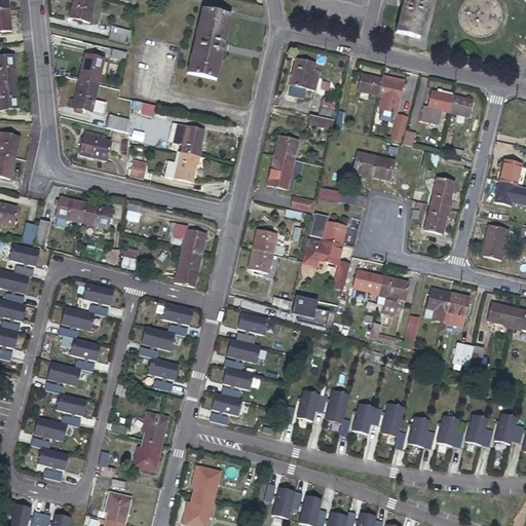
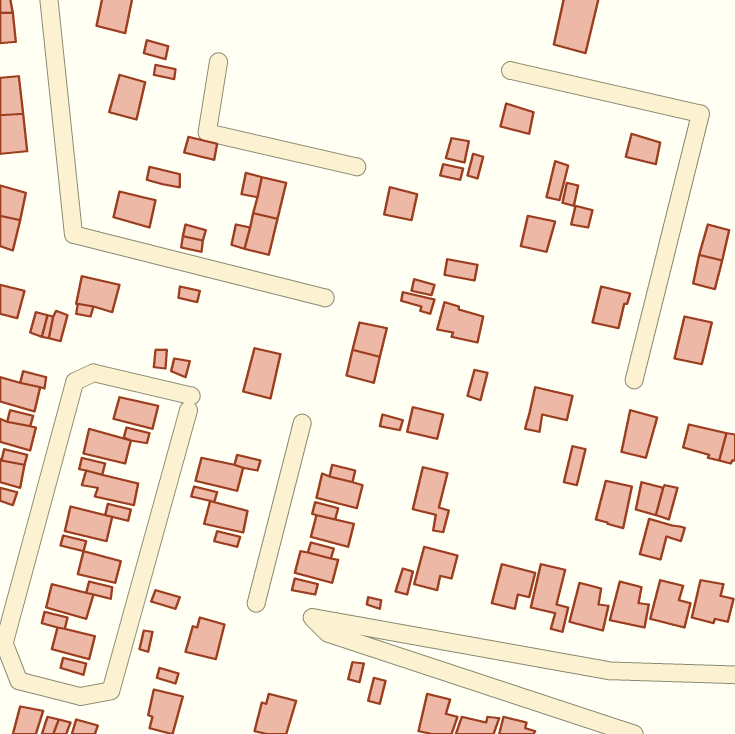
building: [187,8,230,79] -> none
building: [290,59,316,89] -> none
building: [72,80,98,112] -> none
building: [378,80,401,112] -> none
building: [421,91,451,123] -> none
building: [352,149,377,176] -> none
building: [267,153,294,187] -> none
building: [429,178,454,210] -> none
building: [80,203,111,229] -> none
building: [182,228,205,253] -> none
building: [304,240,341,266] -> none
building: [8,243,39,266] -> none
building: [352,270,382,296] -> none
building: [424,289,450,323] -> [596,481,632,528]
building: [161,302,192,326] -> none
building: [237,312,268,335] -> none
building: none -> [640,519,685,560]
building: [325,390,350,437] -> [413,467,449,532]
building: [141,412,167,446] -> none
building: [191,465,220,500] -> none
building: [271,487,302,519] -> none

